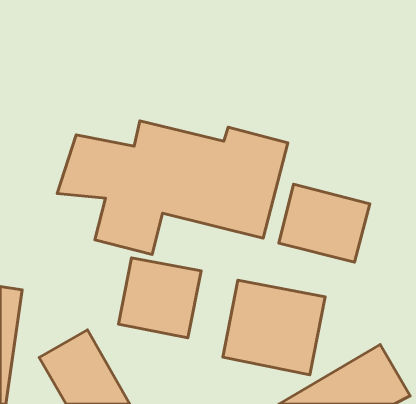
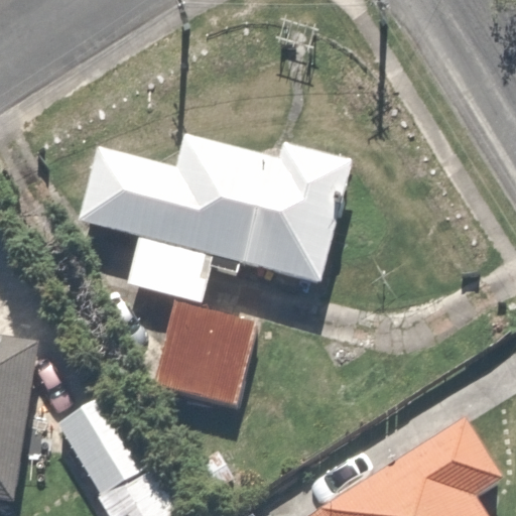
building: [279,184,370,262] -> none
building: [223,280,325,375] -> none

